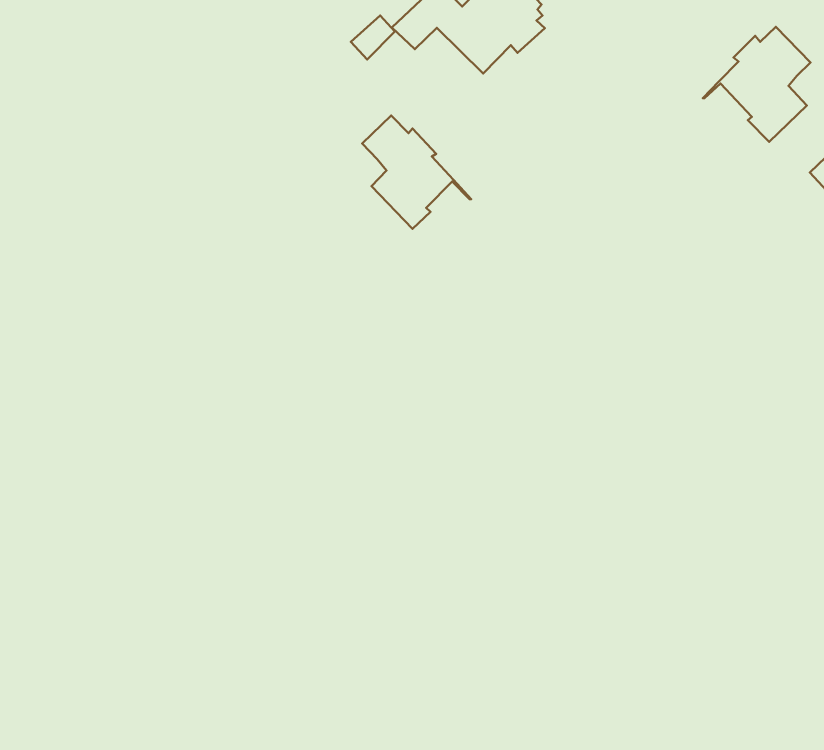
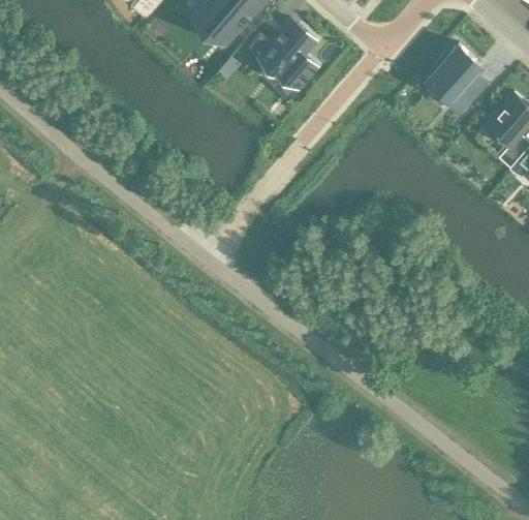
building: [362,116,471,229] -> none

